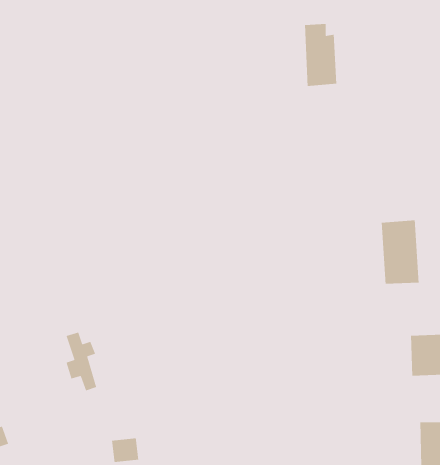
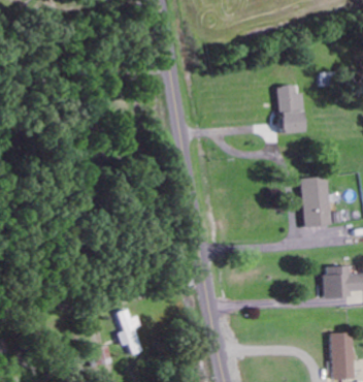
building: [304,23,337,87] -> [277,85,303,134]
building: [65,332,97,391] -> [118,309,142,355]

